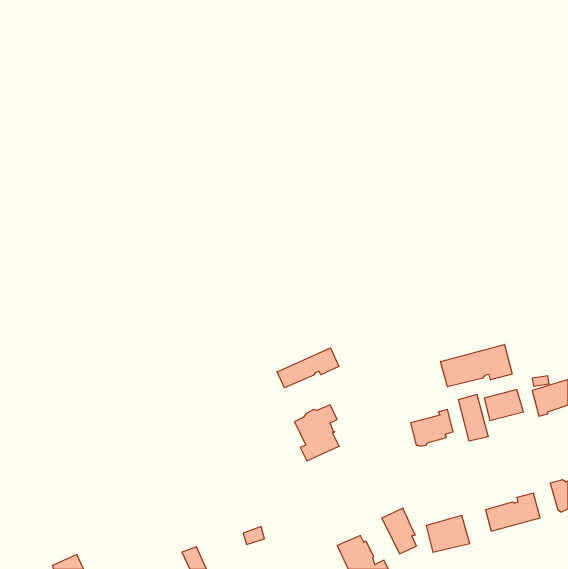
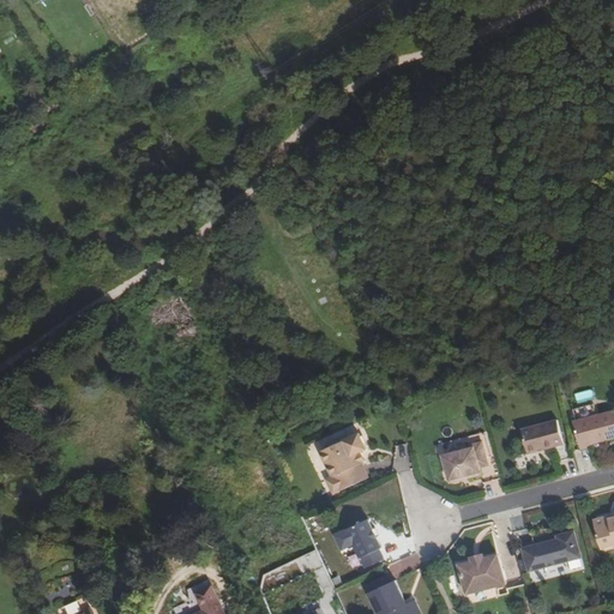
building: [441,344,512,387] -> none
building: [277,348,339,388] -> none
building: [458,394,488,441] -> none
building: [382,508,416,554] -> [344,520,381,570]

